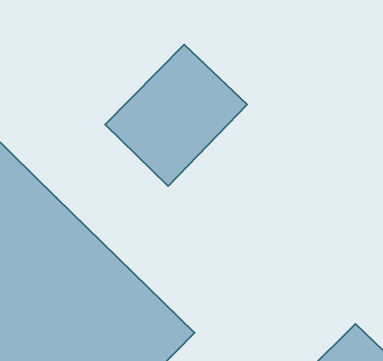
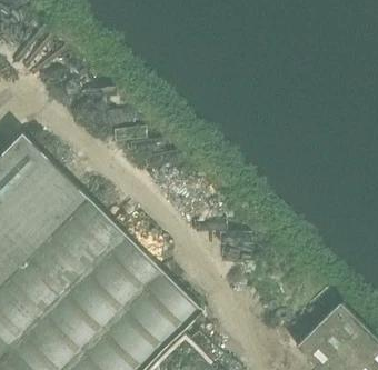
building: [105,45,247,186] -> none

